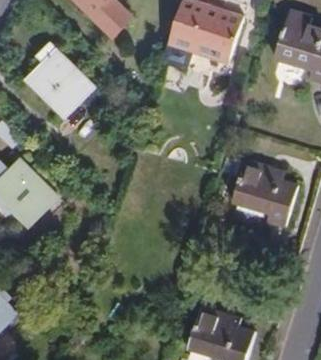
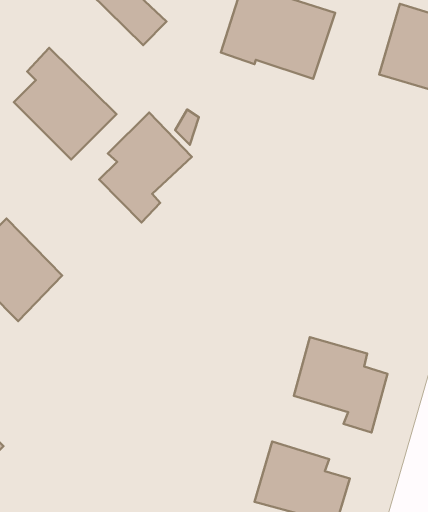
building: none -> [99,113,192,222]
building: [233,162,297,227] -> [294,337,388,433]

